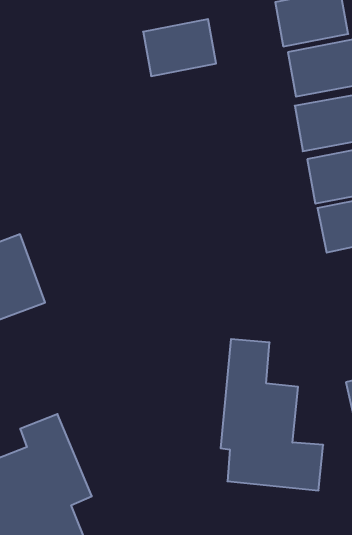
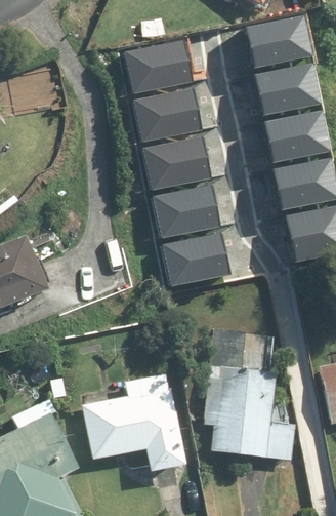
building: none -> [141,85,207,136]
building: none -> [149,131,214,183]
building: none -> [160,186,225,237]
building: none -> [168,231,235,282]
building: none -> [80,375,177,476]

